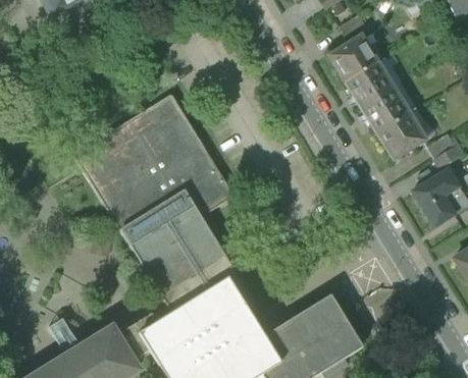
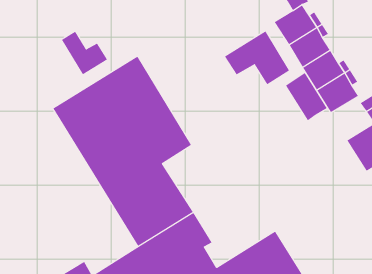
building: none -> [224,30,290,85]
building: none -> [61,31,108,75]
building: none -> [285,72,327,121]

